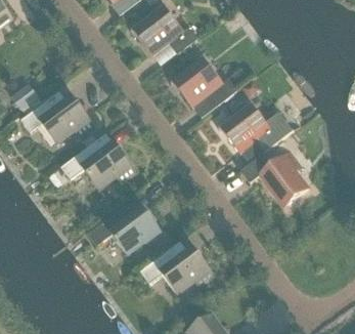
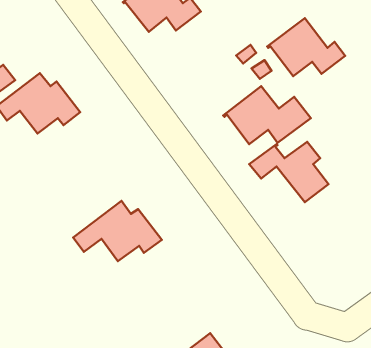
building: [170,57,237,108] -> [267,18,345,76]
building: [61,133,136,190] -> none
building: [140,242,215,294] -> none

